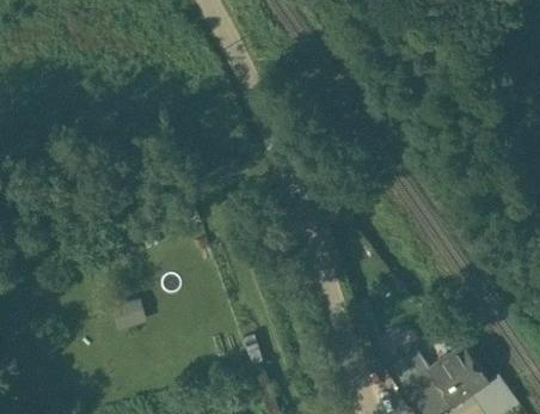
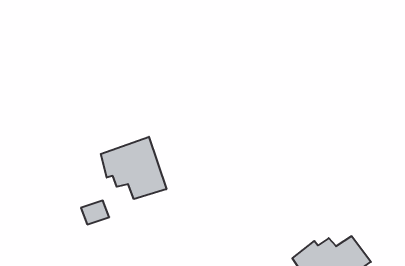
building: none -> [101,137,166,199]

